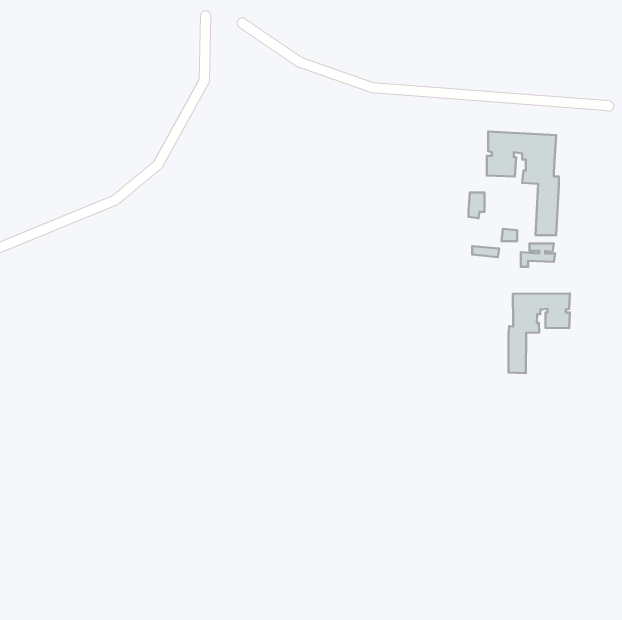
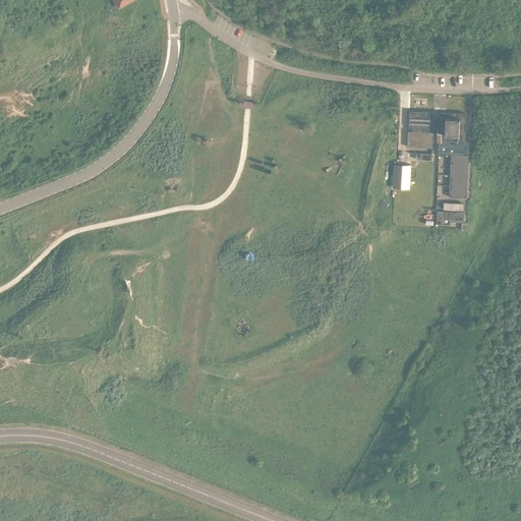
building: [509,293,570,373] -> none

